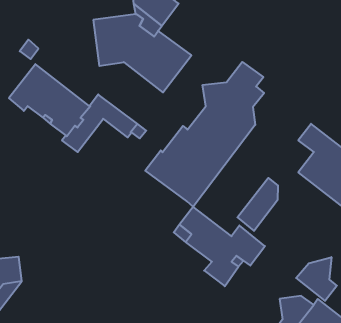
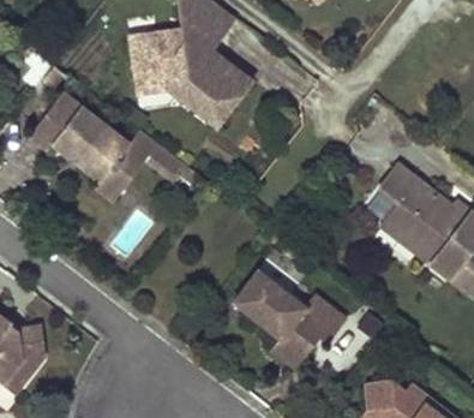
building: [145,62,264,207] -> none
building: [237,178,278,231] -> none
building: [296,257,337,301] -> none

